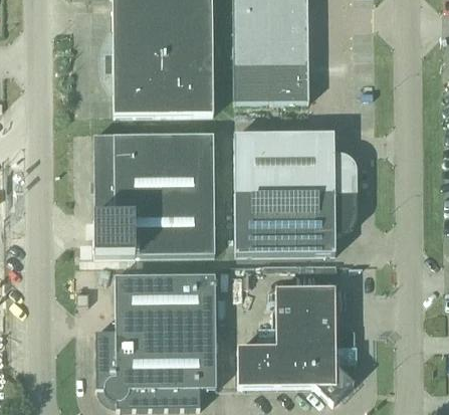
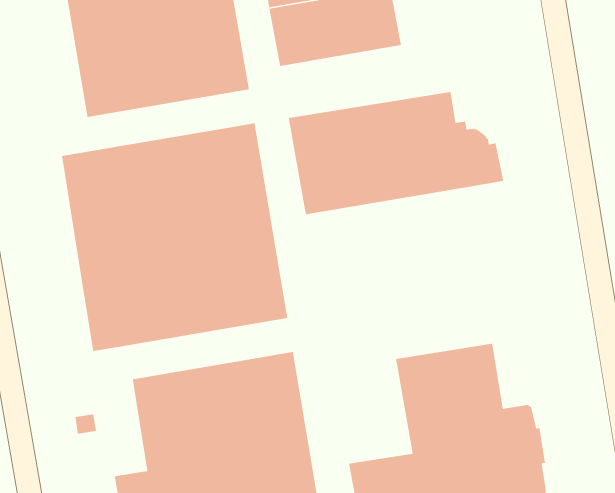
building: [235,193,358,254] -> none

